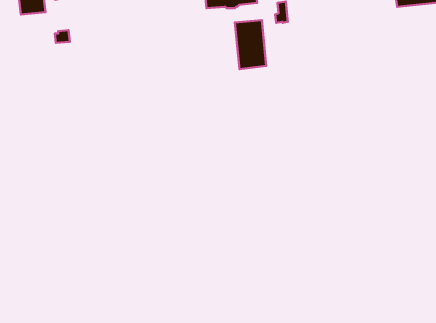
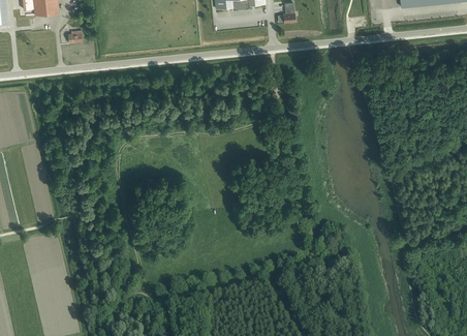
building: [235,20,266,69] -> none

